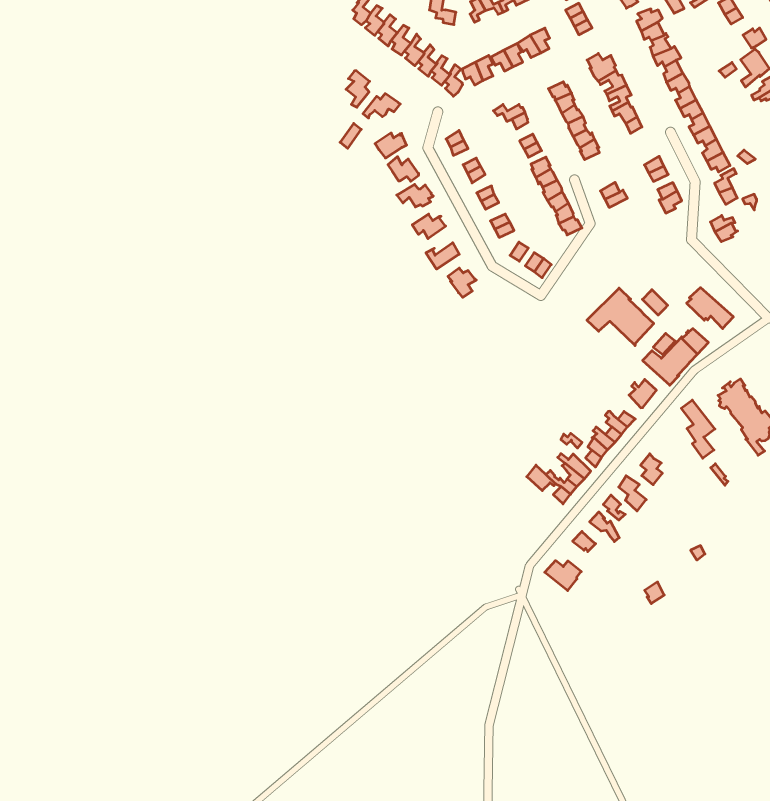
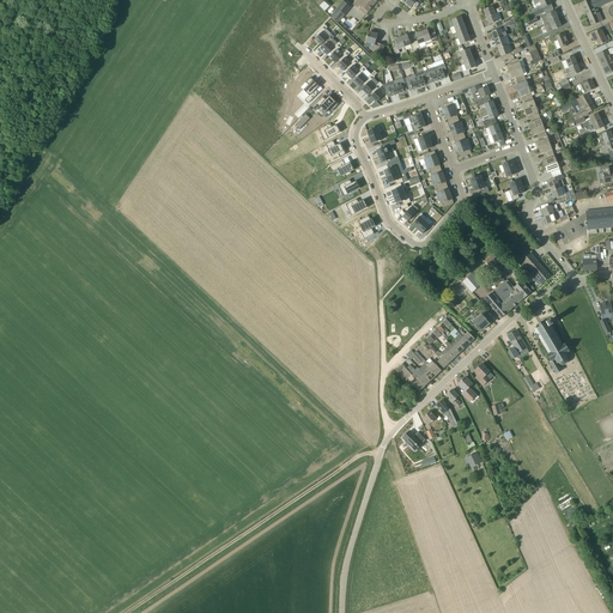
building: [587,288,654,346] -> none

